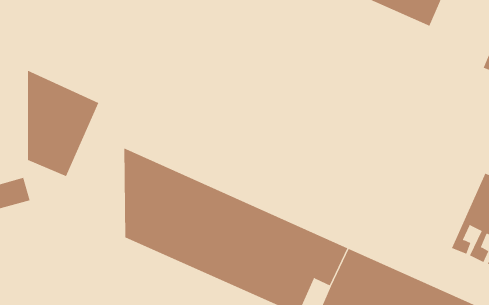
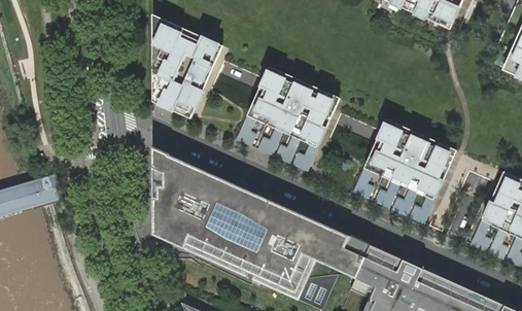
building: none -> [237,66,340,170]
building: [27,70,99,177] -> [152,13,222,117]
building: none -> [353,118,457,222]

